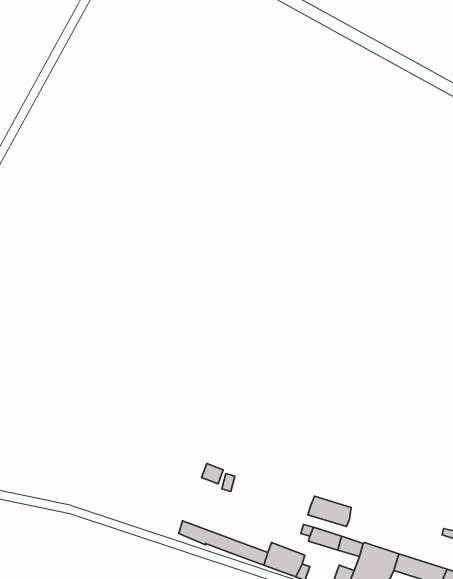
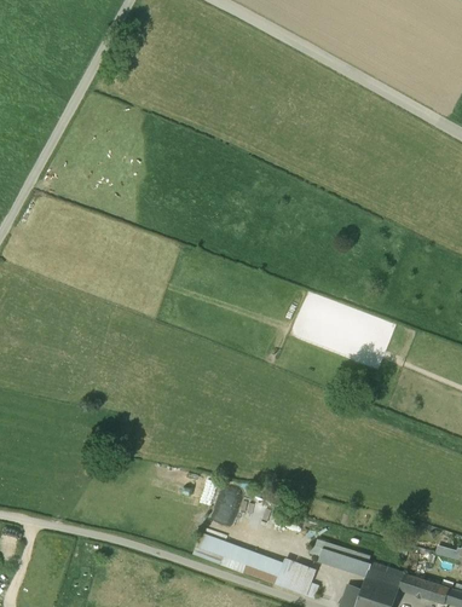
building: [308,496,351,526] -> none

